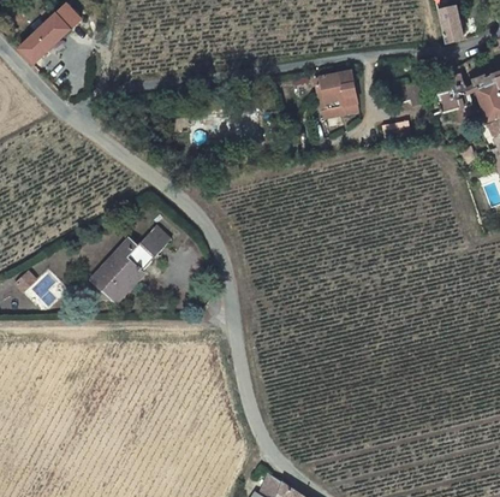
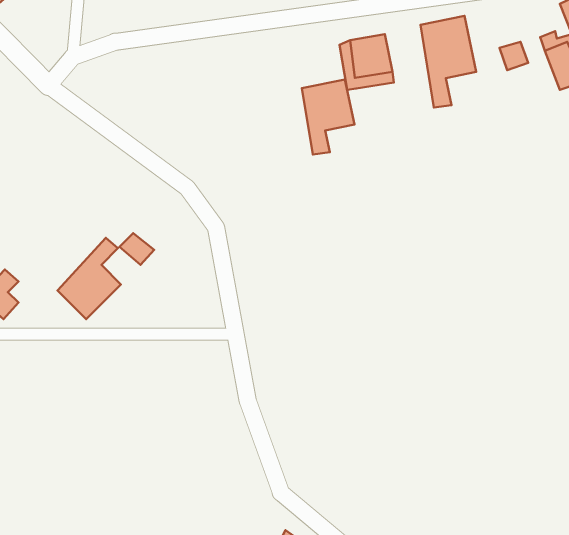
building: none -> [421,16,476,107]
building: none -> [302,79,355,154]

